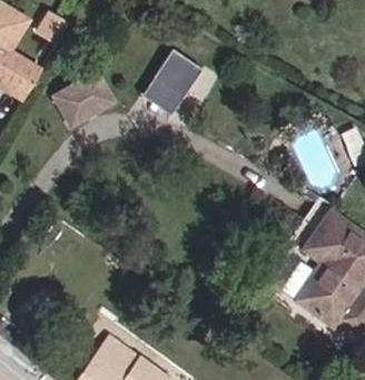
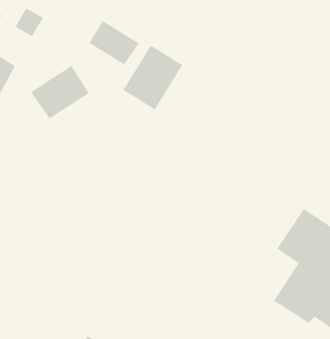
building: none -> [88,20,139,65]

